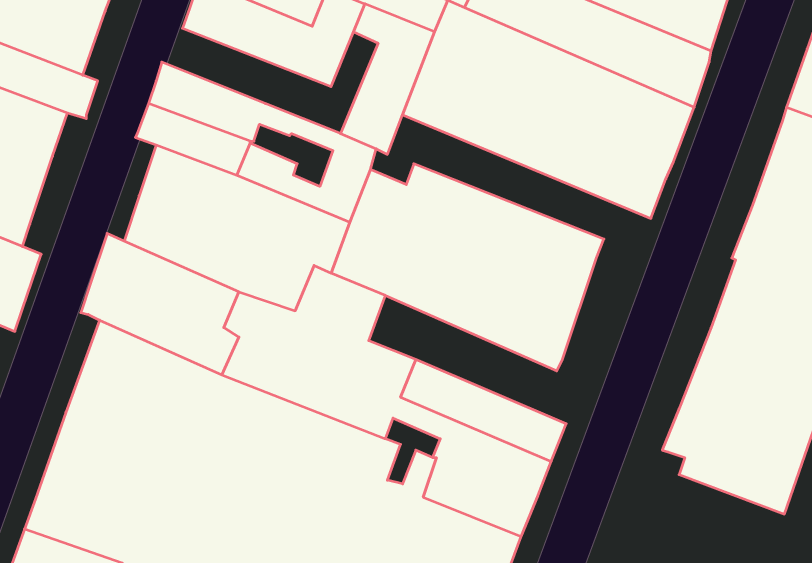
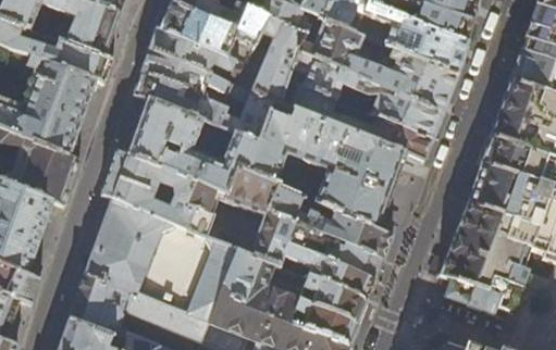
building: none -> [149,30,248,78]
building: none -> [280,82,432,161]
building: none -> [269,186,392,260]

